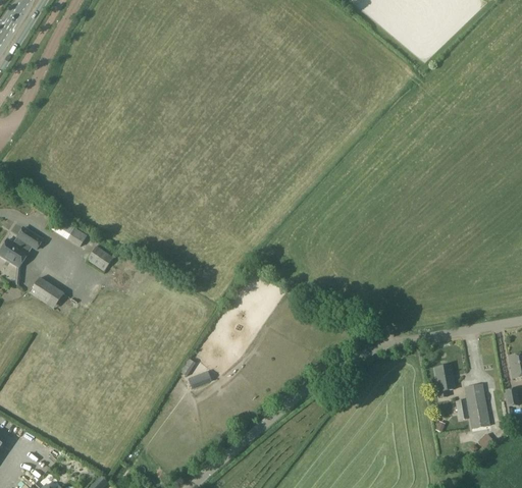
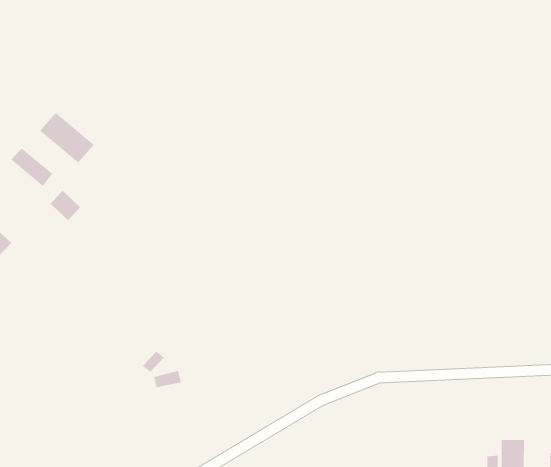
building: none -> [39,112,95,164]
building: [434,365,455,396] -> none

